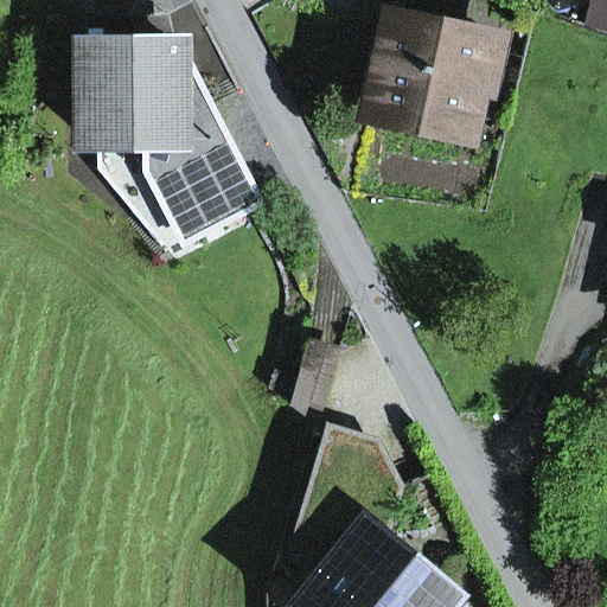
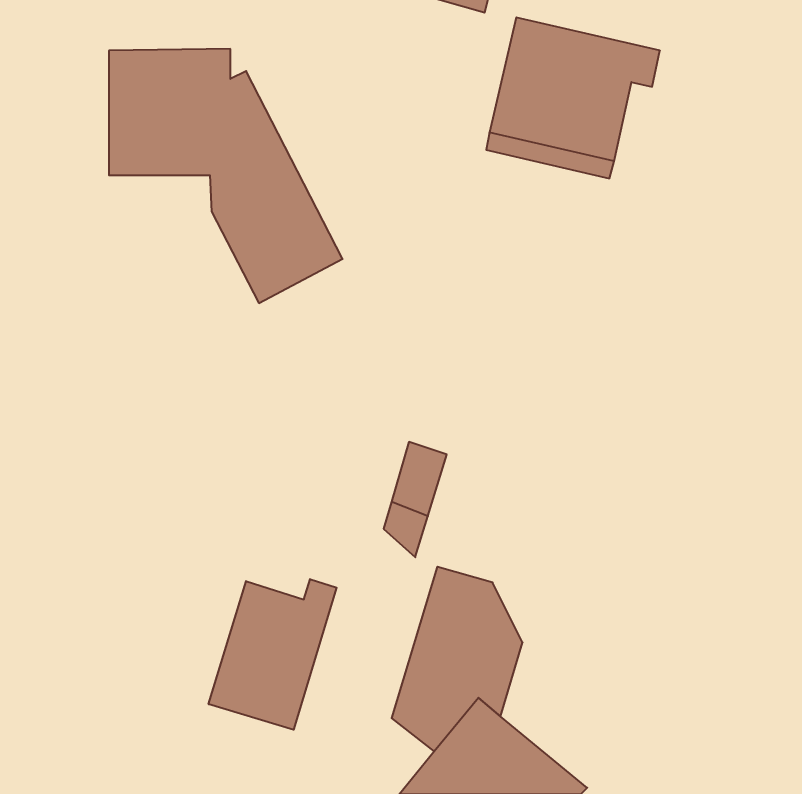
building: [94,132,194,242] -> none
building: none -> [209,579,337,730]

